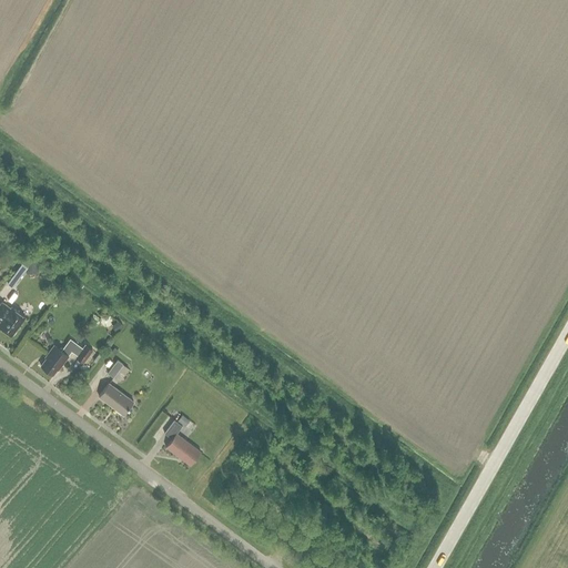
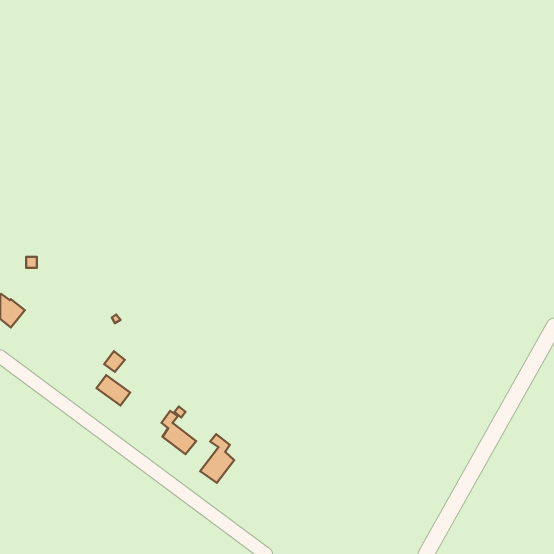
building: [41,339,93,374] -> none
building: none -> [200,434,234,483]

